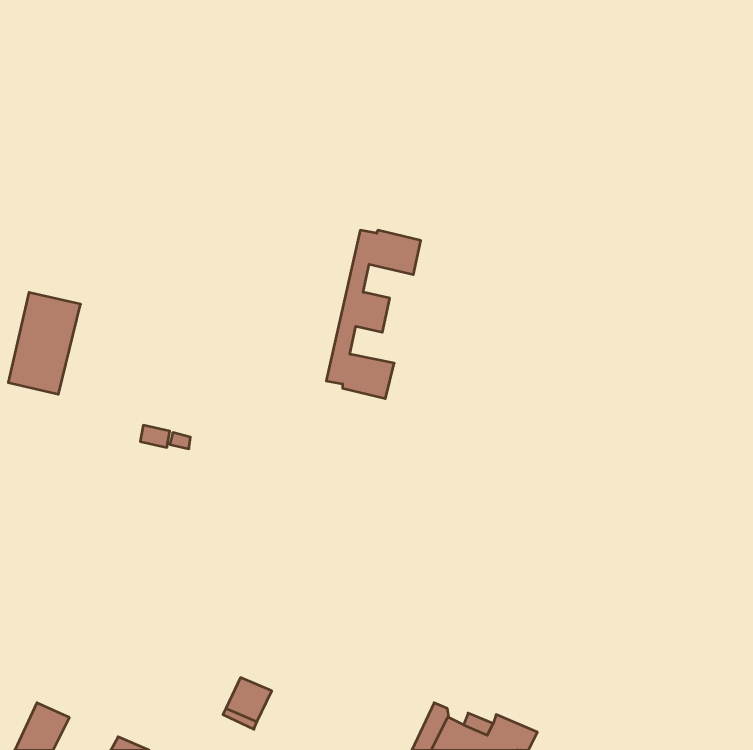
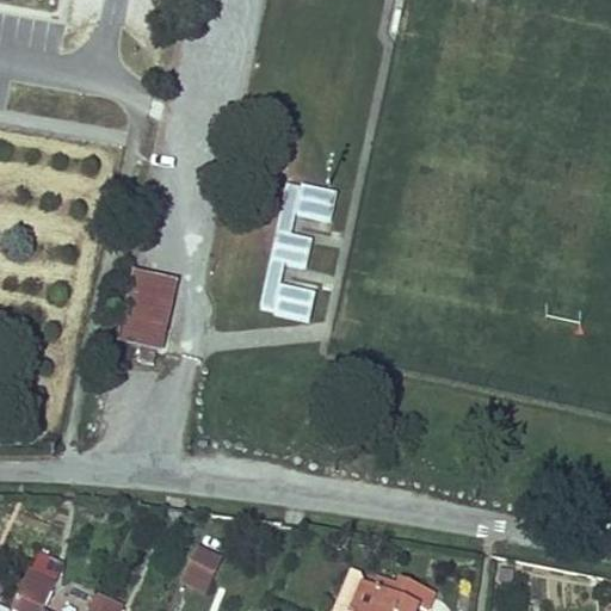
building: [8,292,81,394] -> [118,269,177,351]

